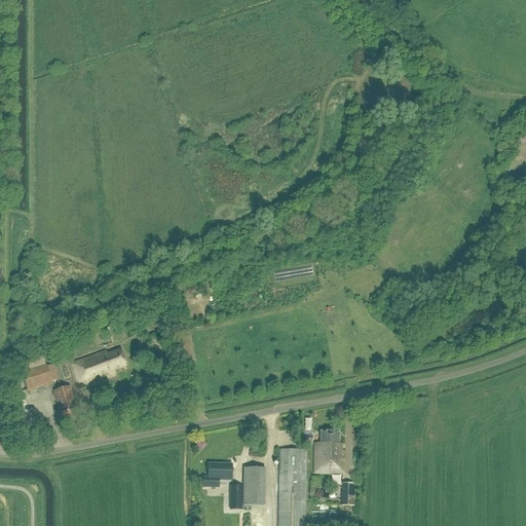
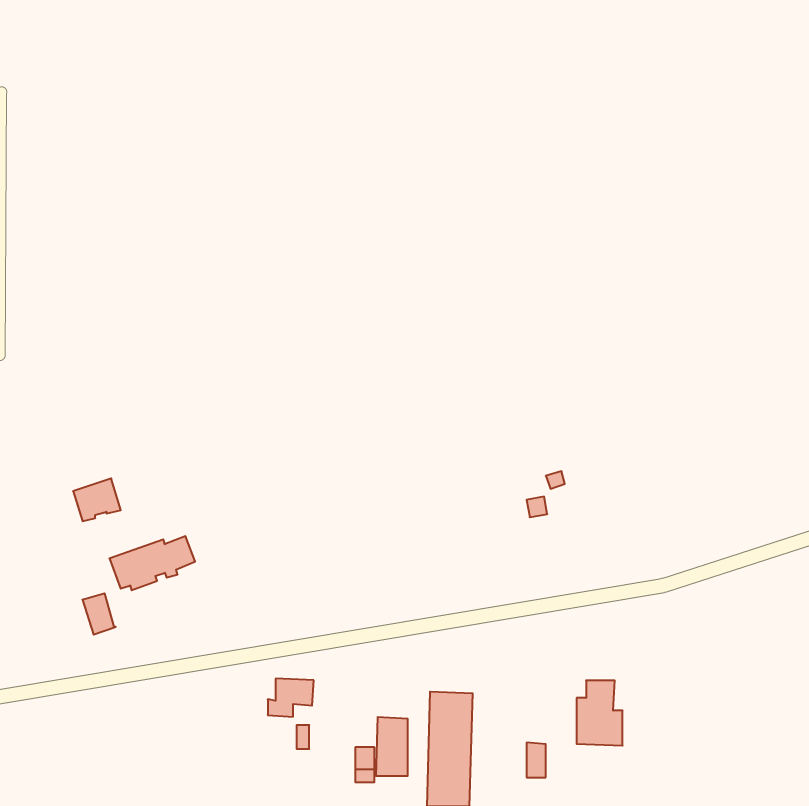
building: [23,362,53,389] -> [73,478,121,521]
building: [315,429,345,472] -> [577,680,623,746]
building: [203,461,233,486] -> [268,679,314,717]

